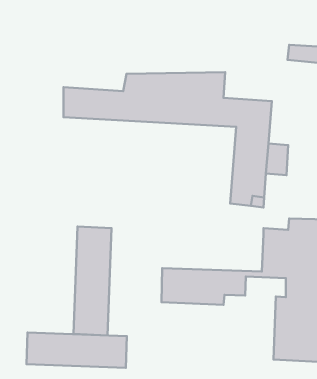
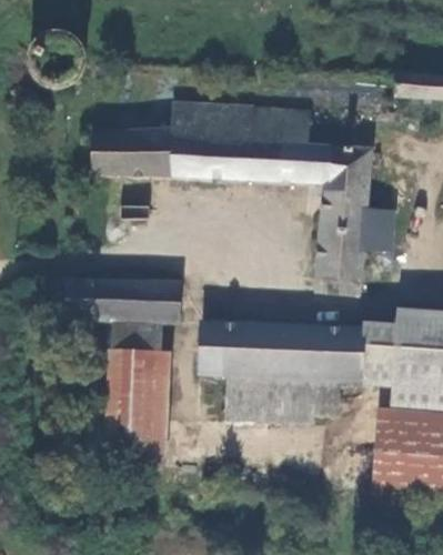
building: none -> [66,278,181,322]
building: none -> [199,323,362,379]
building: [27,332,127,368] -> none

